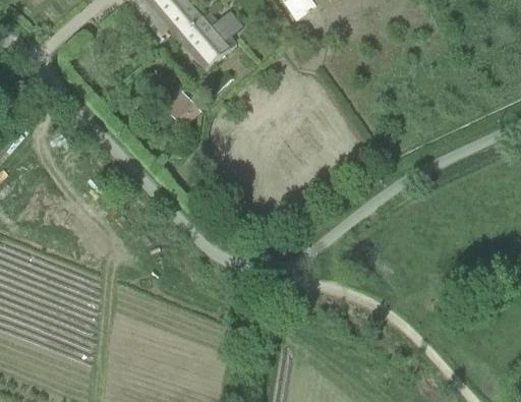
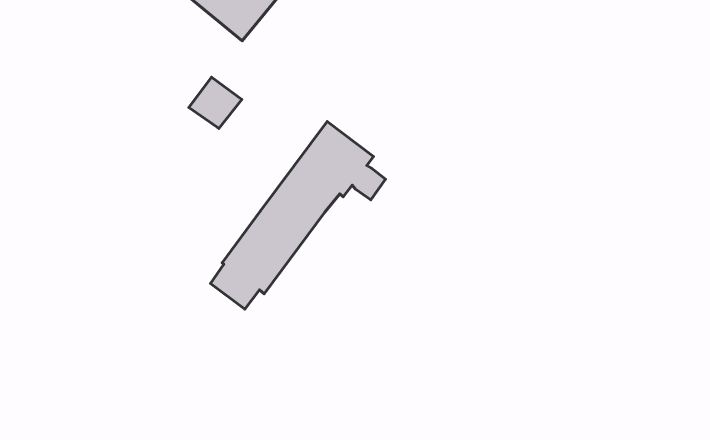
building: none -> [211,121,385,309]

